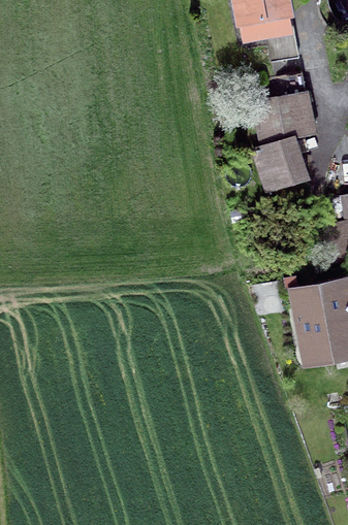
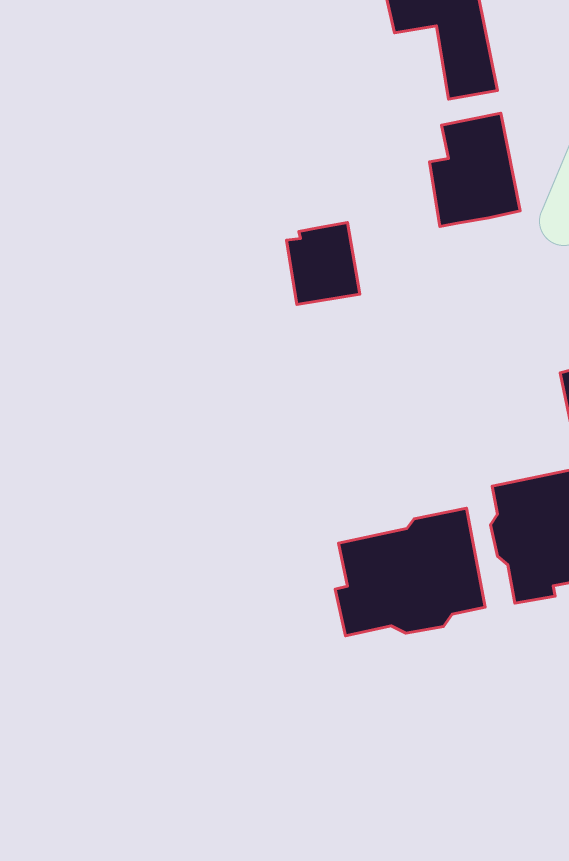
building: [258,134,302,183] -> [286,223,360,305]
building: none -> [335,508,485,636]

